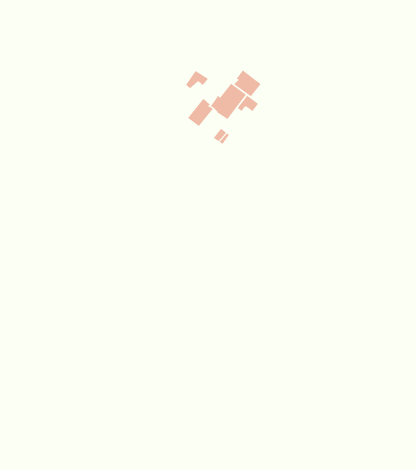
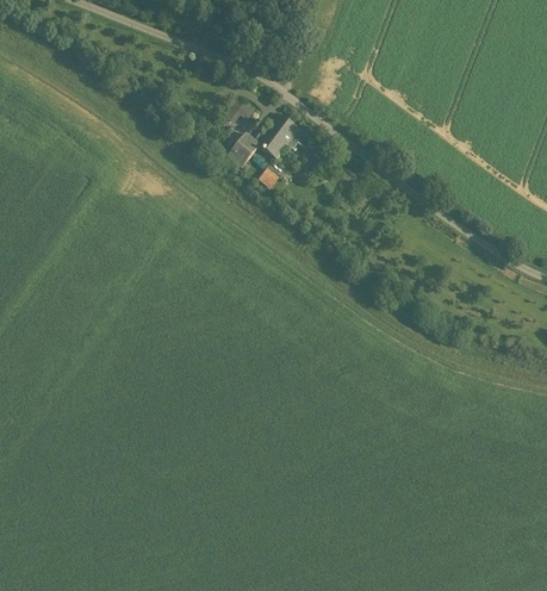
building: [233,69,262,97] -> none

